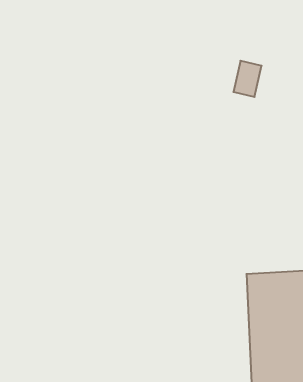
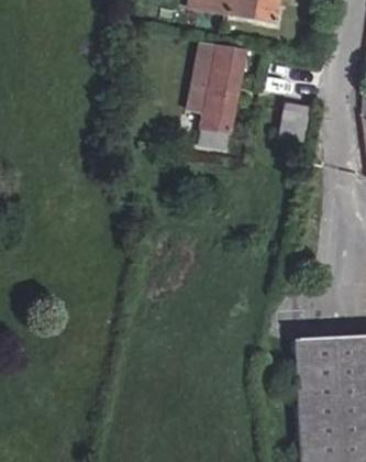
building: none -> [192,46,245,150]

